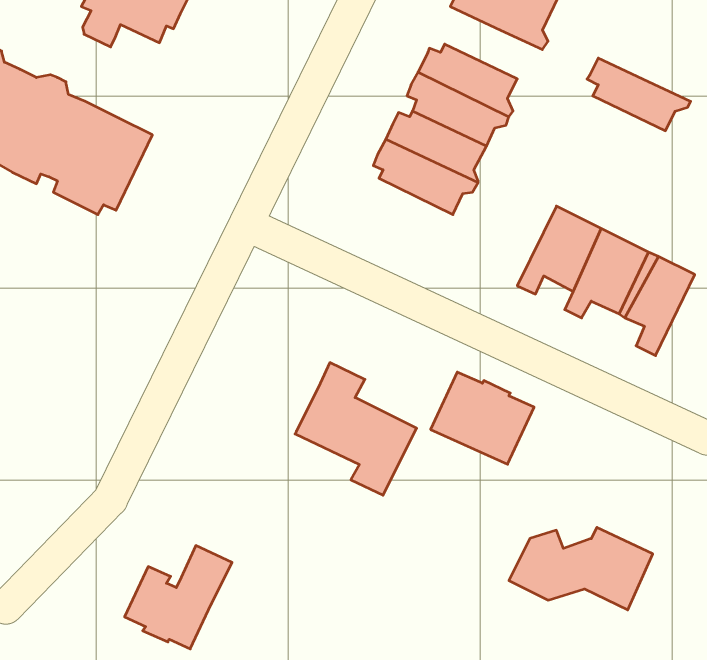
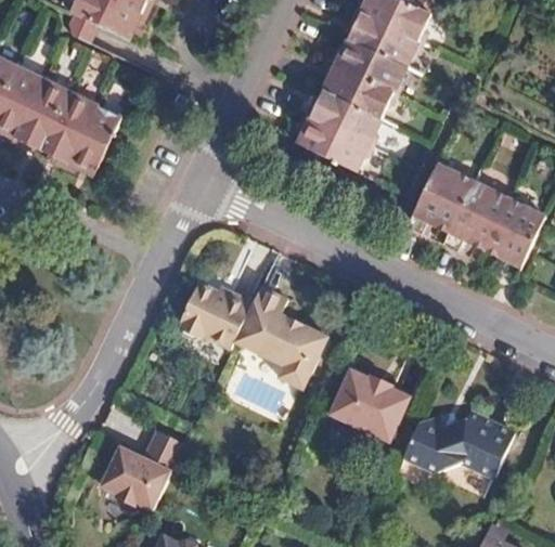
building: [587,58,691,131] -> [346,11,426,67]
building: none -> [180,283,254,349]
building: [431,372,534,464] -> [327,370,408,442]

